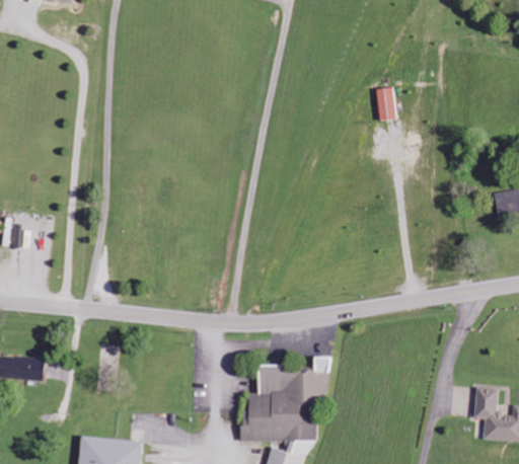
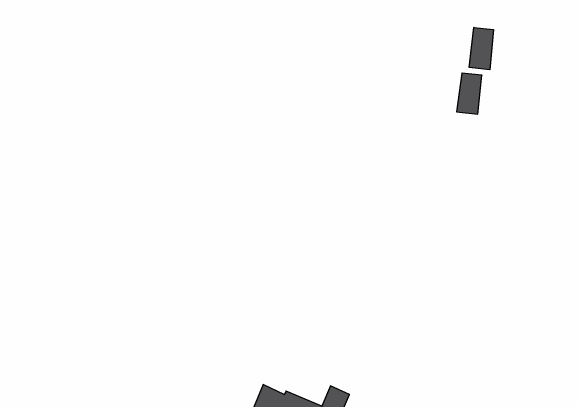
building: none -> [469,27,493,70]

